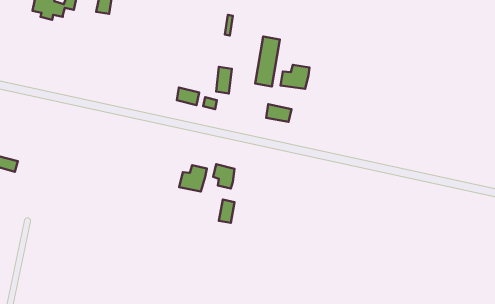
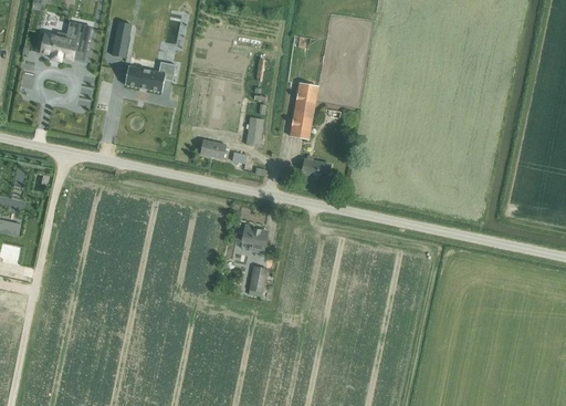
building: none -> [124,61,175,92]
building: [280,65,309,89] -> none
building: [179,165,207,191] -> none

